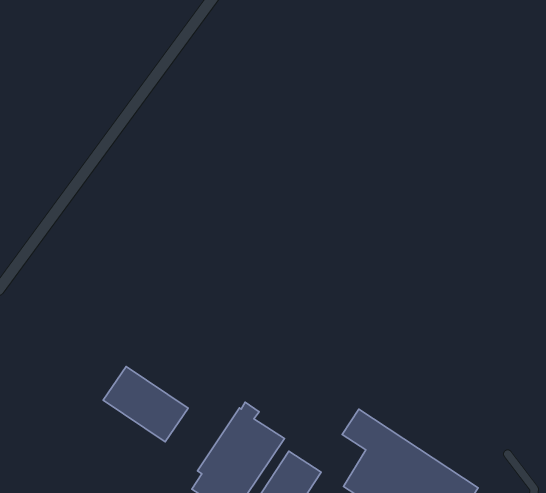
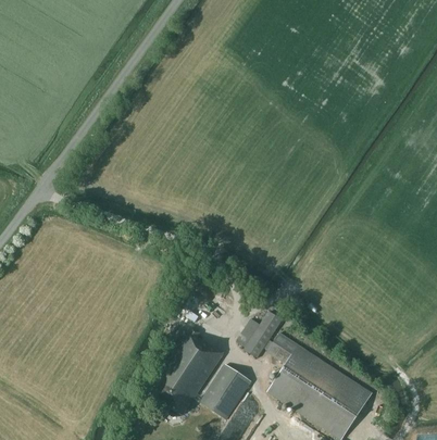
building: [103,366,188,442] -> none
building: none -> [244,311,282,357]

